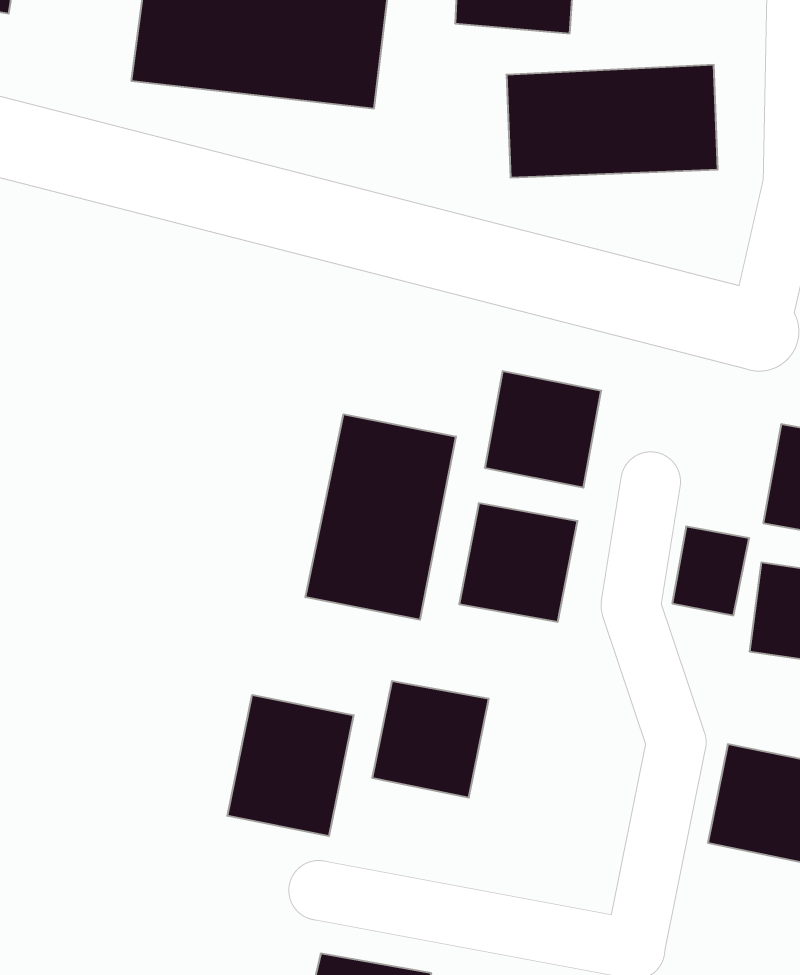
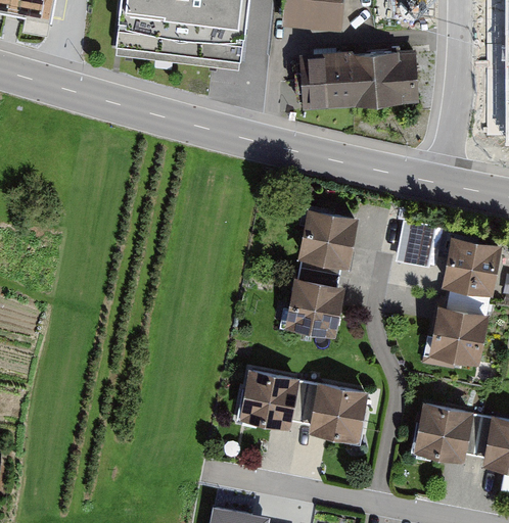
building: [305,414,456,620] -> none
building: [672,526,749,615] -> [397,224,436,270]
building: [227,695,354,836] -> none
building: none -> [309,382,368,441]

